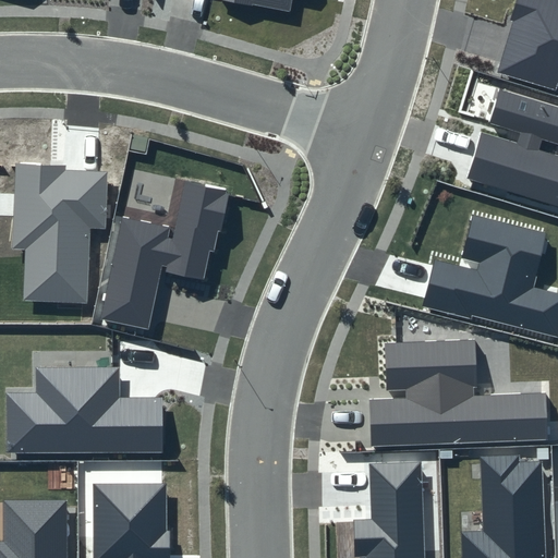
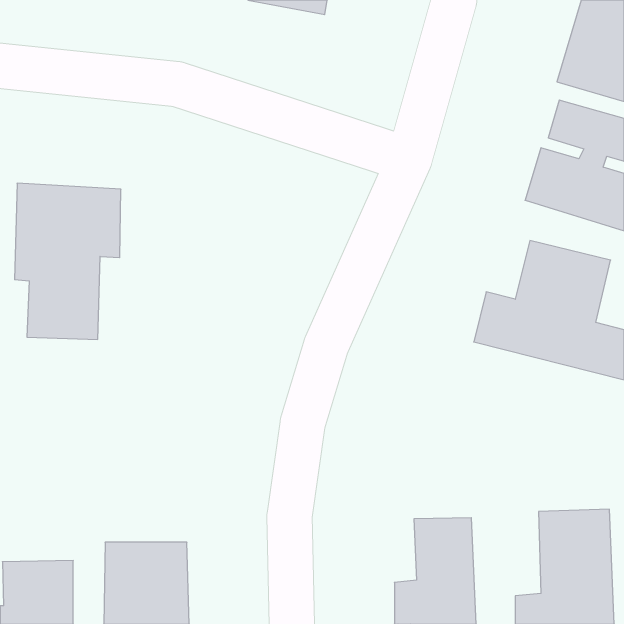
building: [99,182,228,330] -> none
building: [368,340,549,447] -> none
building: [5,366,163,453] -> none

